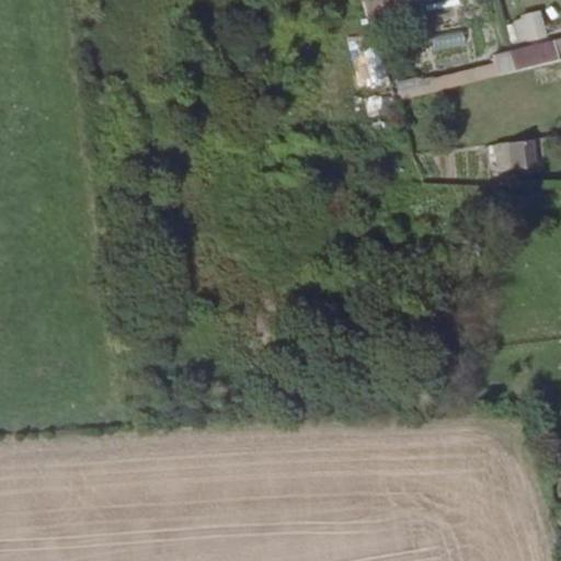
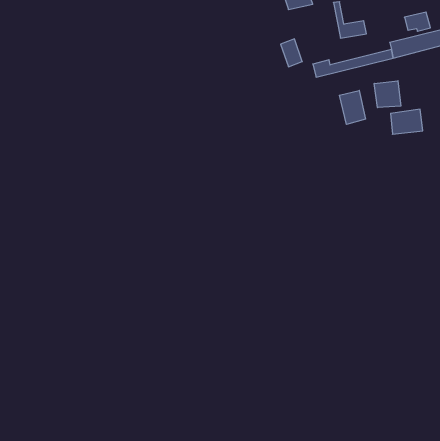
building: none -> [374,81,401,108]
building: none -> [339,90,365,124]

